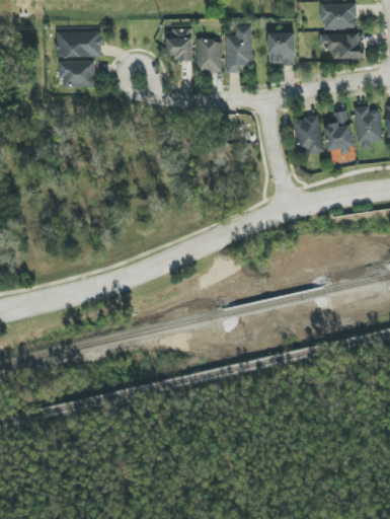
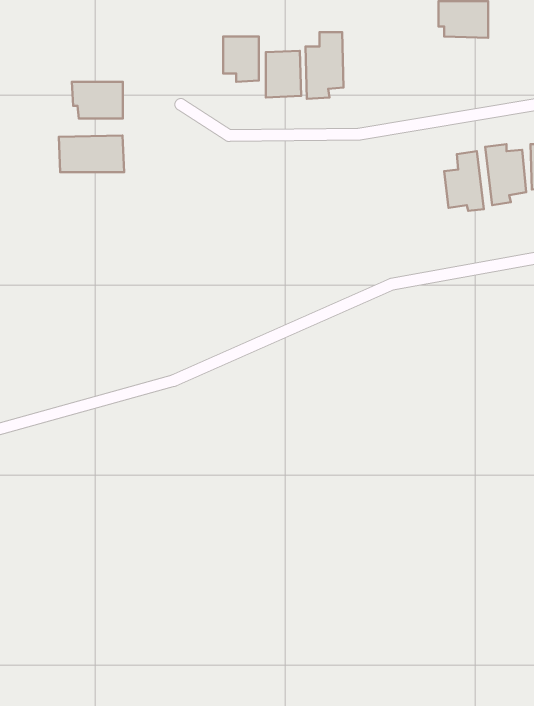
building: [55,30,101,57] -> [59,135,124,172]
building: [268,32,295,65] -> none
building: [319,32,364,59] -> none
building: [292,116,324,154] -> none

